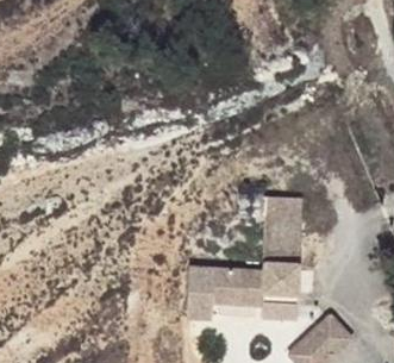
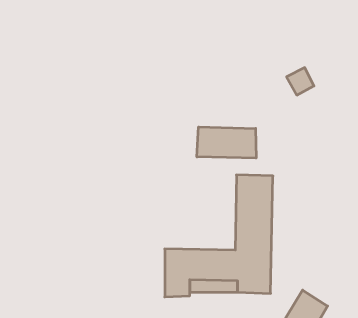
building: none -> [197,127,256,158]

